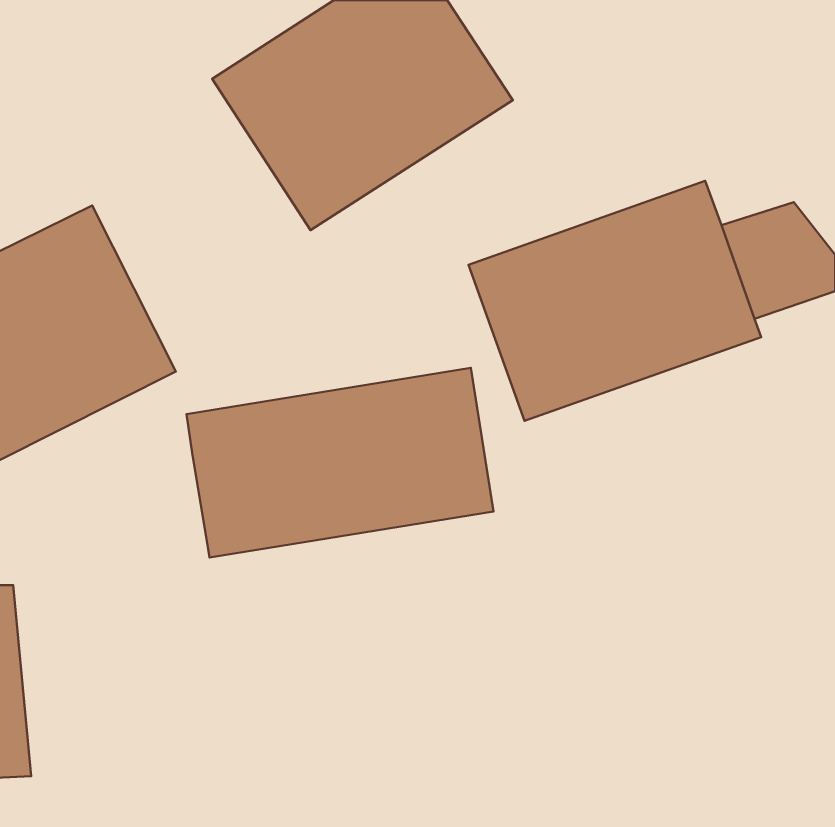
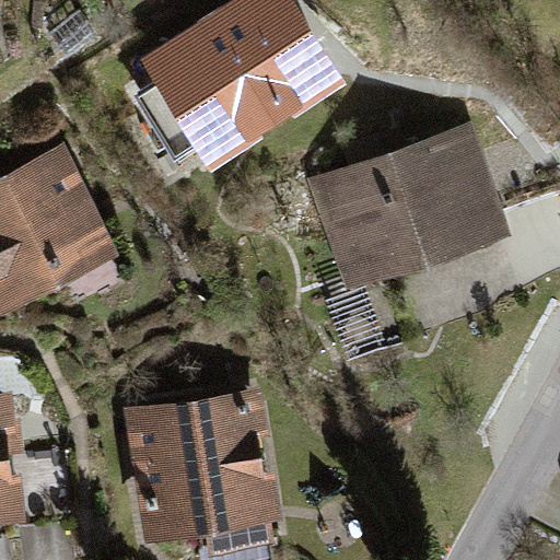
building: [187,368,493,558] -> none
building: none -> [124,392,279,553]

